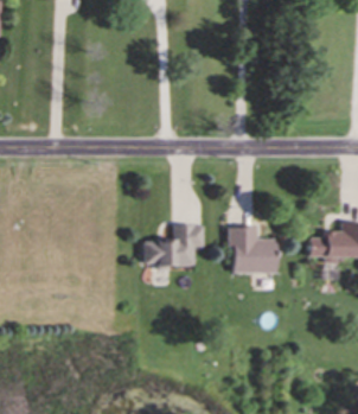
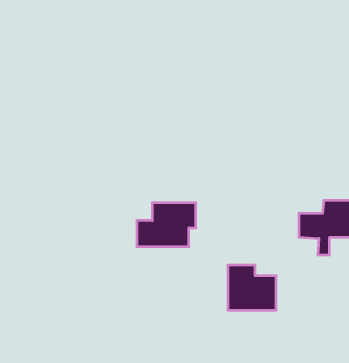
building: [230,227,279,272] -> [228,265,276,310]

